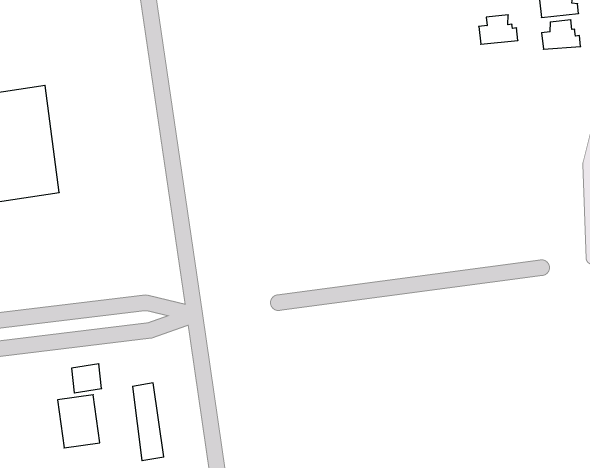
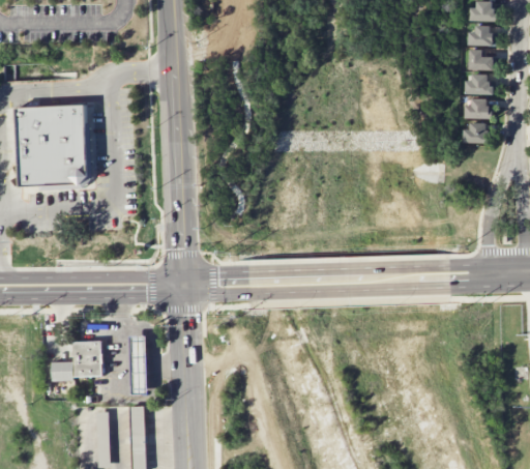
building: [479,15,518,44] -> [462,122,490,142]
building: [72,364,102,393] -> [49,359,69,379]

